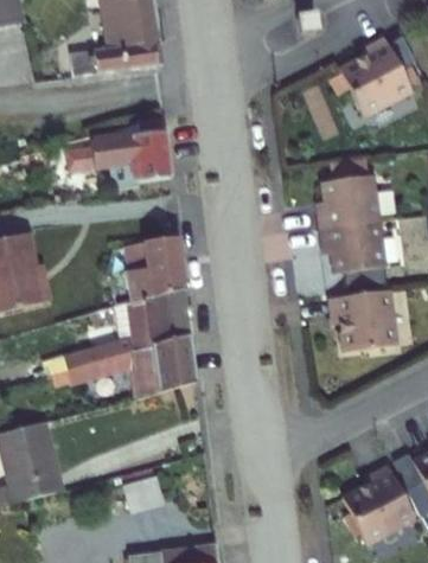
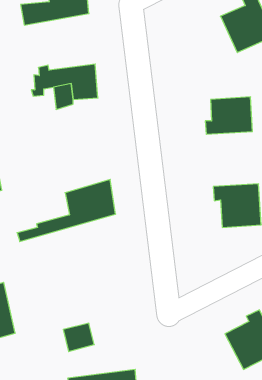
building: [315,219,379,269] -> none
building: [121,235,187,301] -> none
building: [66,330,202,394] -> none

